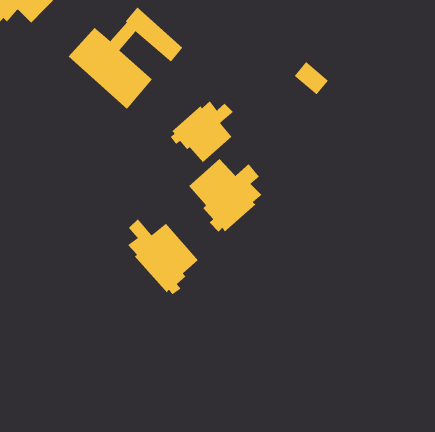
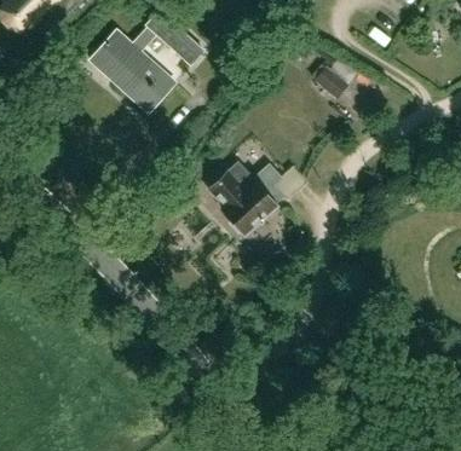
building: [170,101,234,163] -> none
building: [127,218,199,295] -> none

